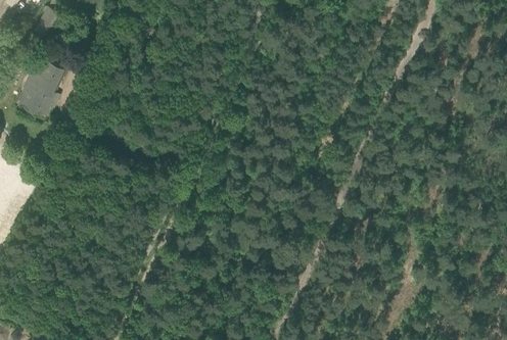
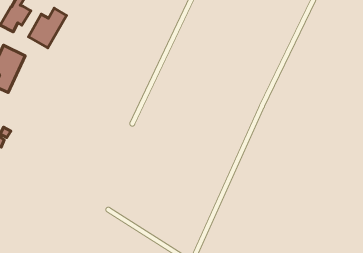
building: none -> [28,8,67,48]

